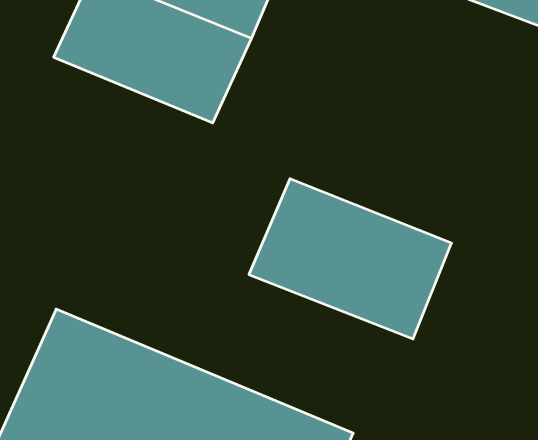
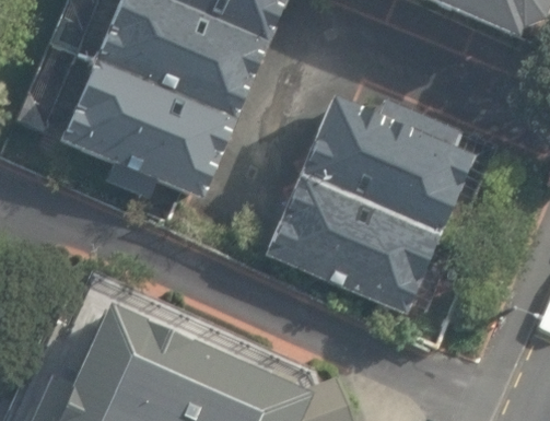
building: none -> [65,62,234,196]
building: none -> [302,101,473,226]

